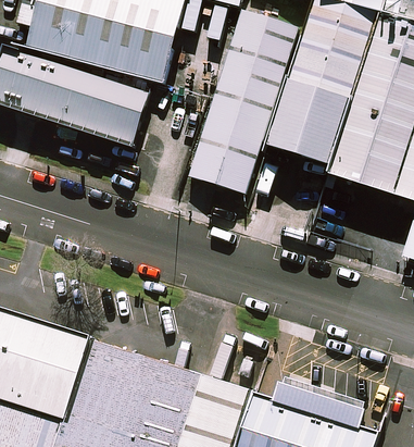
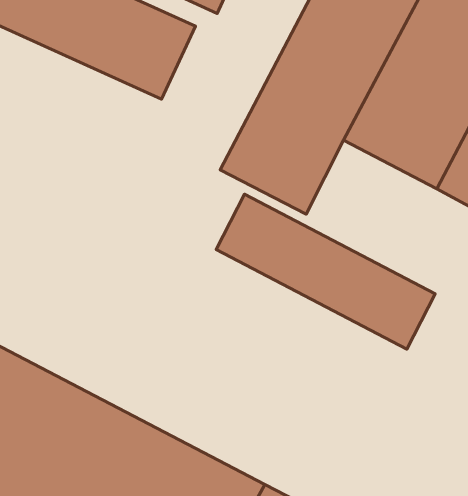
building: none -> [216,194,435,349]

